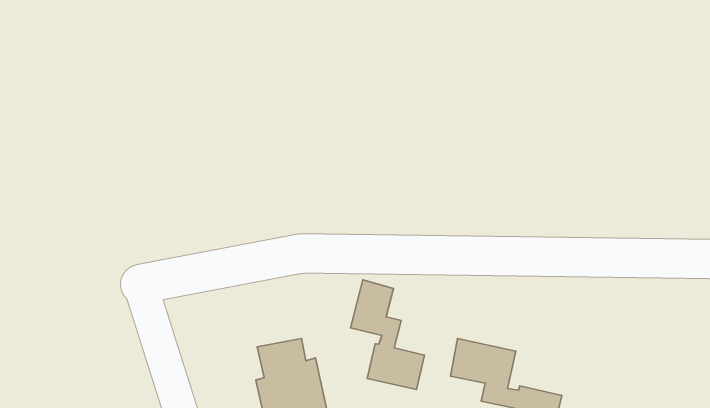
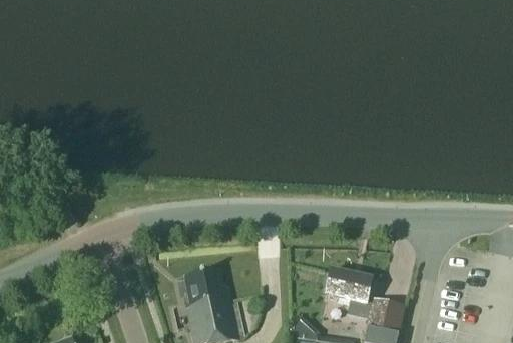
building: [351,280,424,390] -> none

